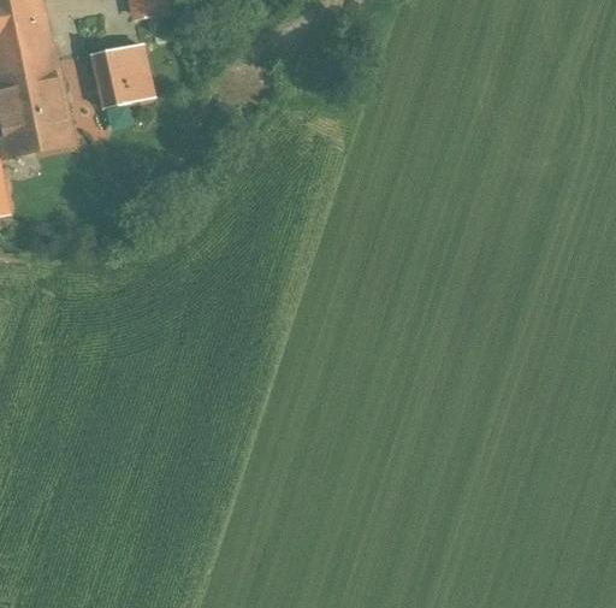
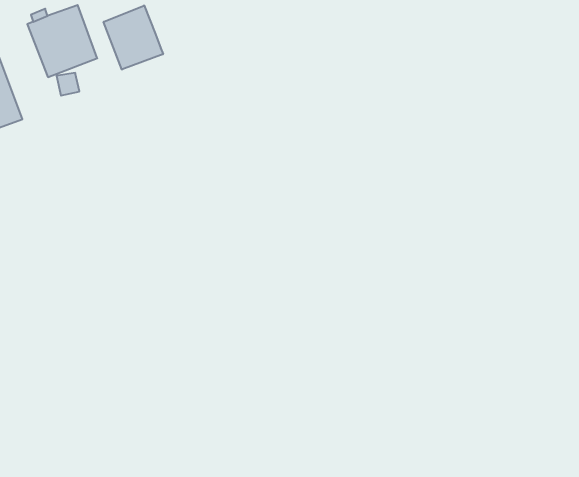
building: none -> [104,5,163,70]

